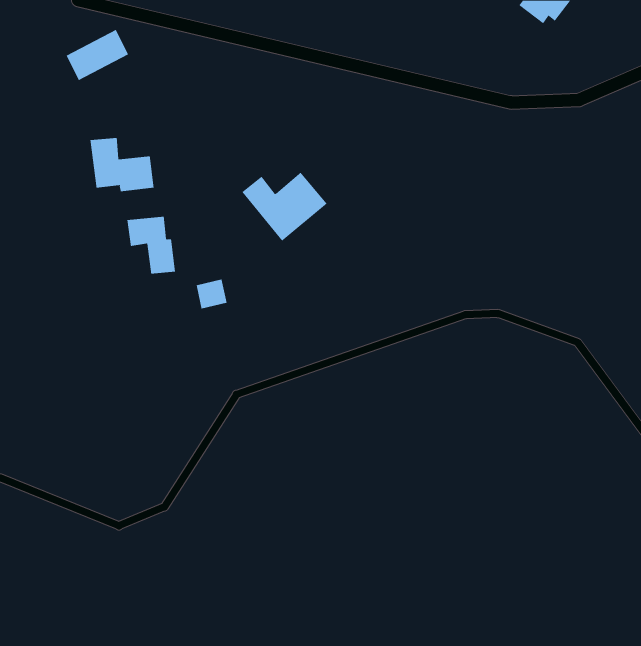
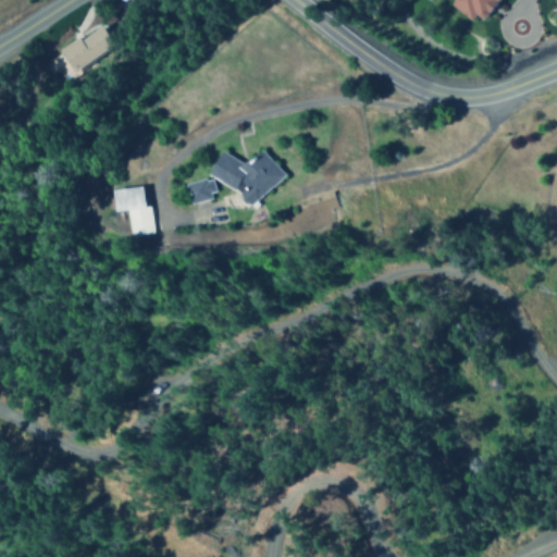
building: [90,137,154,192] -> none
building: [196,279,227,309] -> [189,177,216,203]

